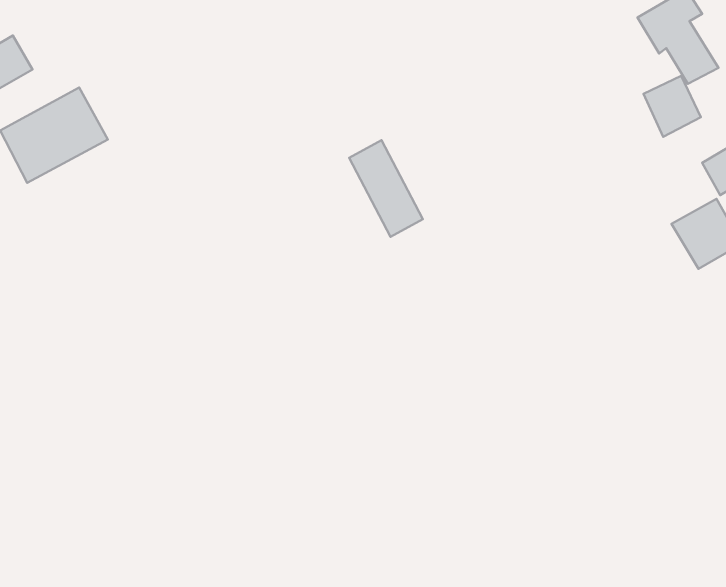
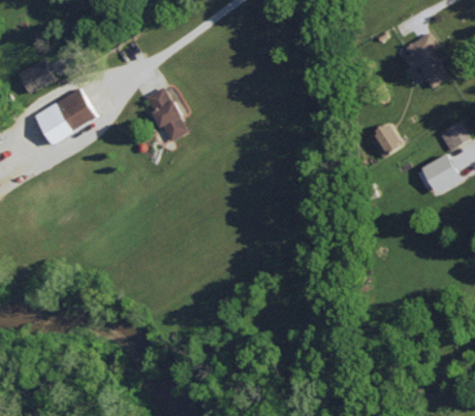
building: [643,76,701,137] -> [369,124,402,159]
building: [349,140,423,237] -> [146,87,188,142]

